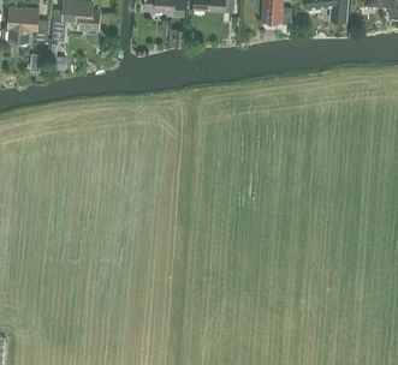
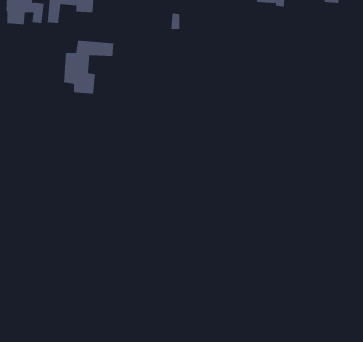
building: none -> [63,40,114,95]

